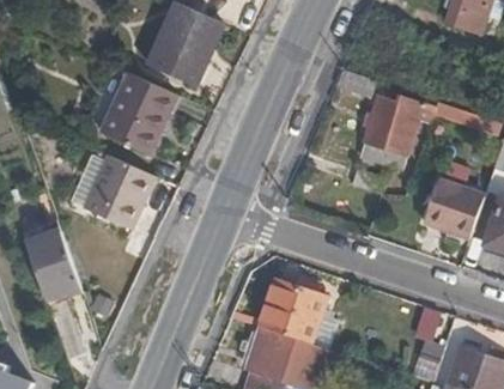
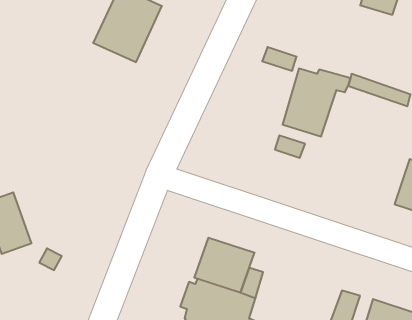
building: [101,72,174,152] -> none
building: [84,154,153,227] -> none
building: [421,177,481,236] -> none

